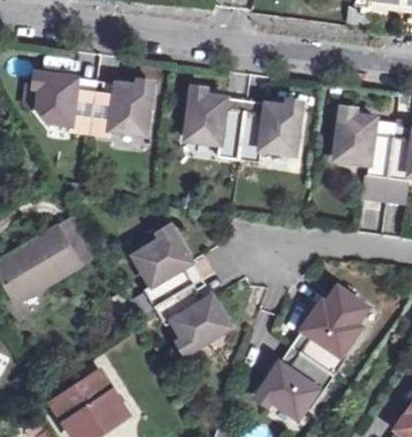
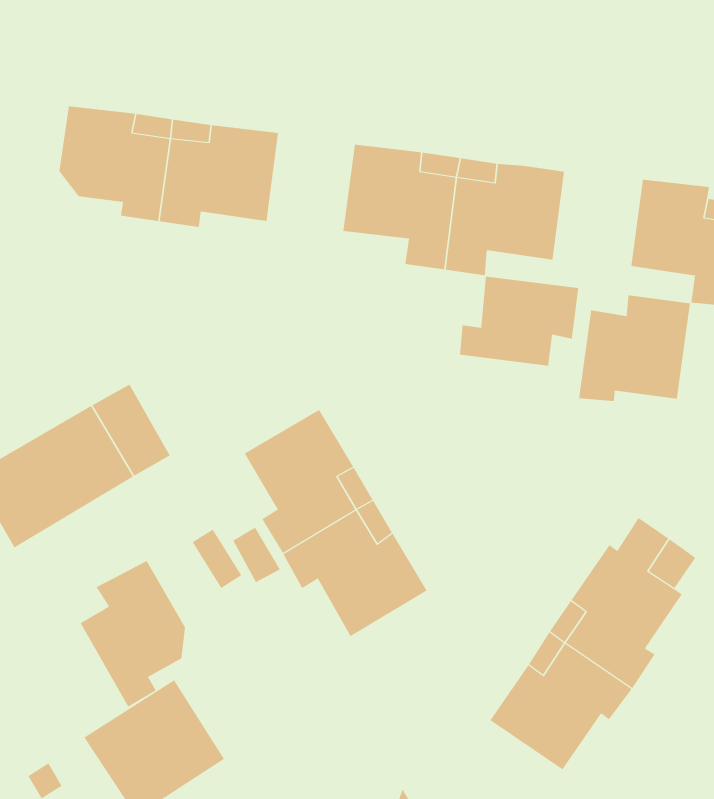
building: none -> [460,276,579,367]
building: none -> [579,294,690,402]
building: none -> [80,560,186,708]

